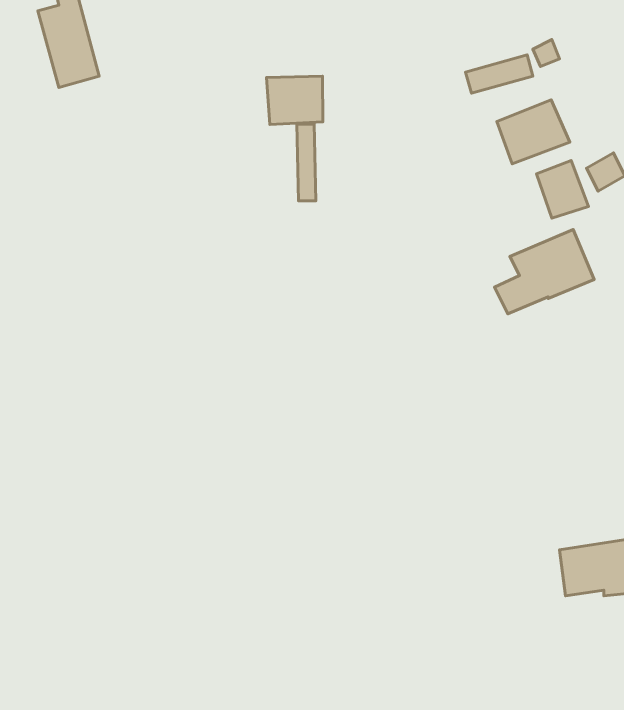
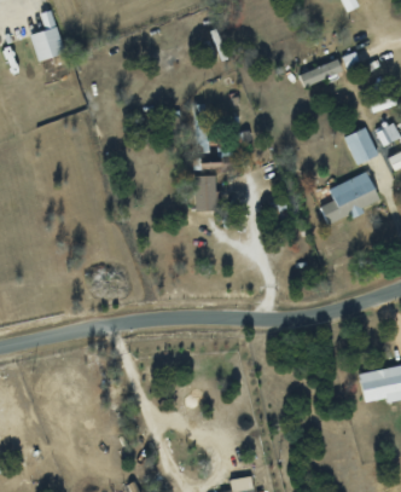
building: [266,76,323,124] -> none
building: [497,100,570,164] -> none
building: none -> [194,174,216,210]

